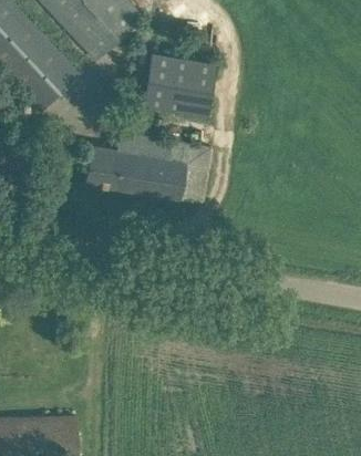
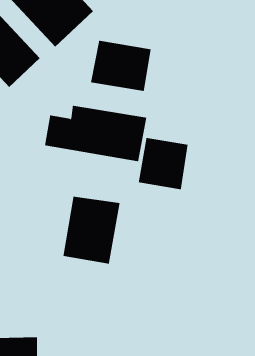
building: none -> [138,137,188,190]
building: none -> [63,196,120,264]

